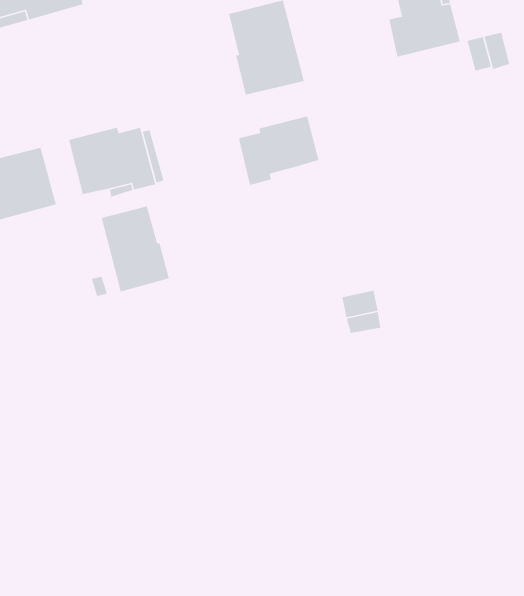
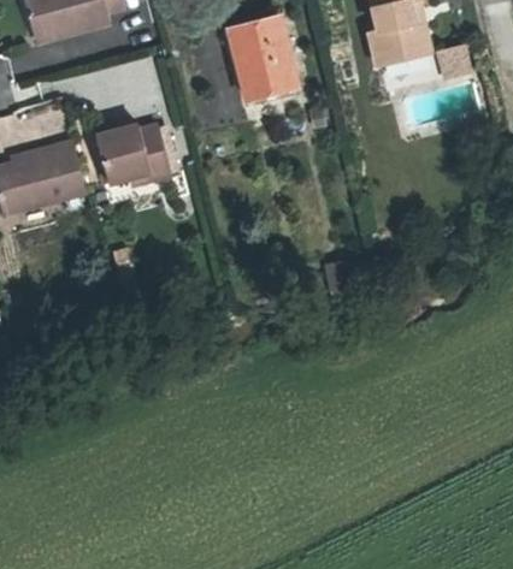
building: [238,115,319,186] -> none
building: [101,206,170,293] -> none

